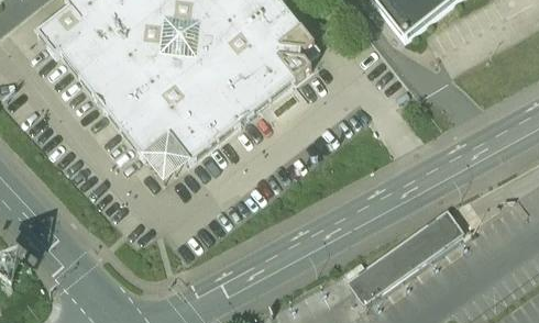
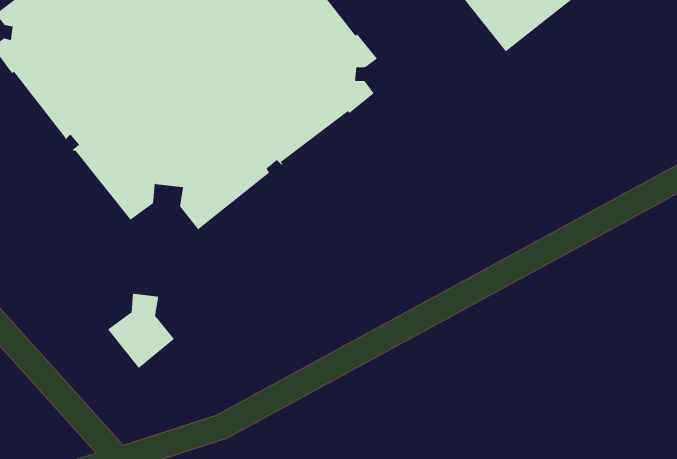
building: [144,131,191,183] -> [107,293,175,369]
building: [349,210,462,301] -> none

